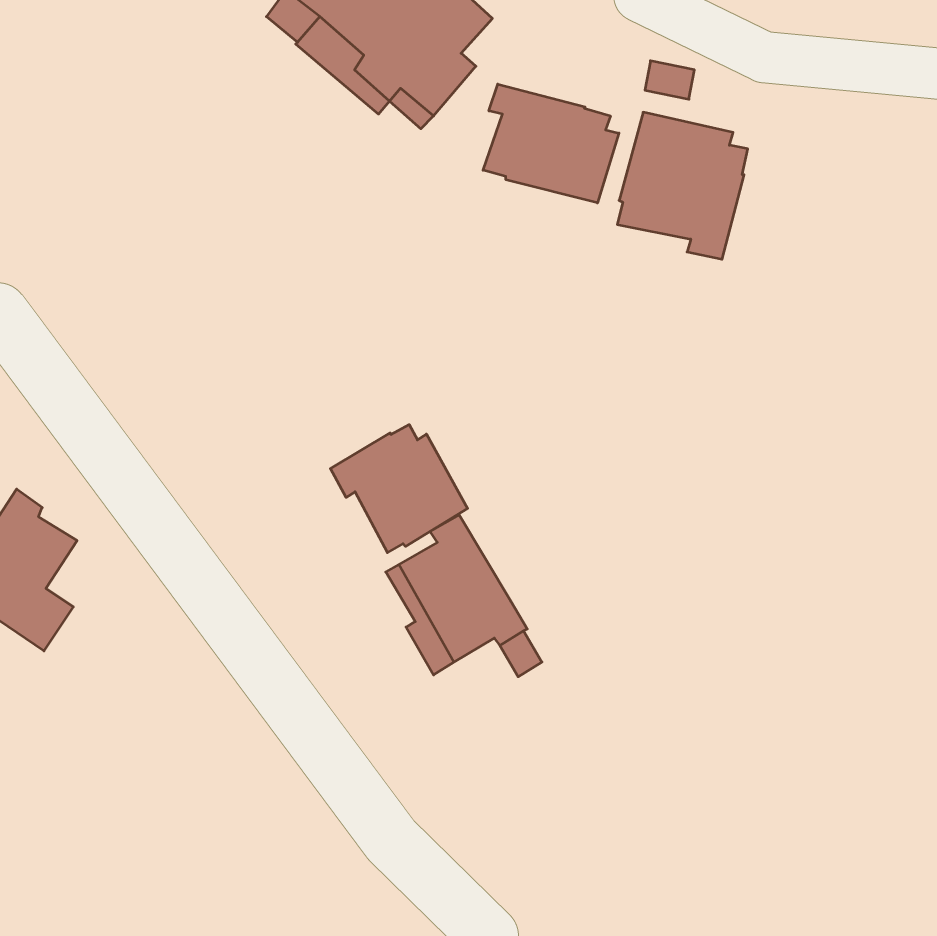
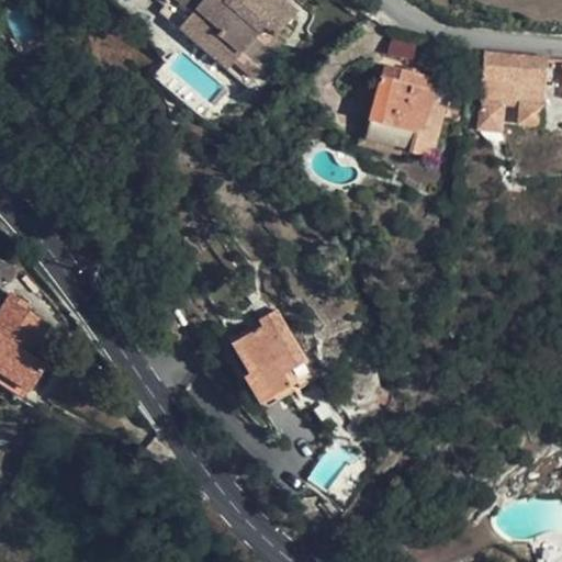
building: [483,84,619,203] -> none
building: none -> [477,50,547,131]
building: [330,425,468,553] -> none

